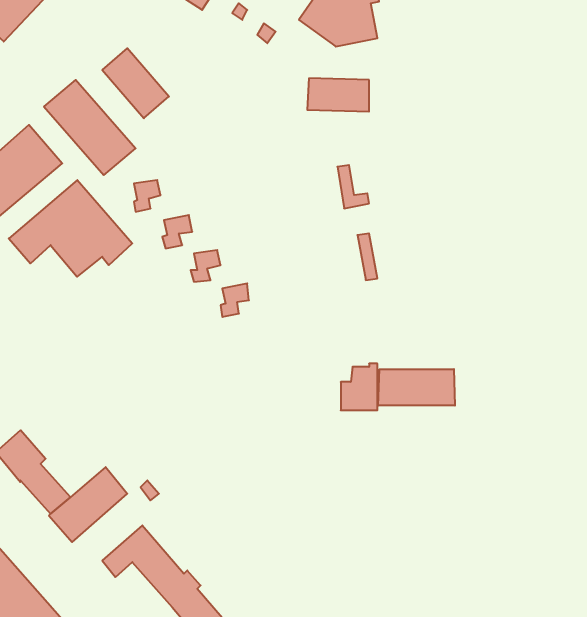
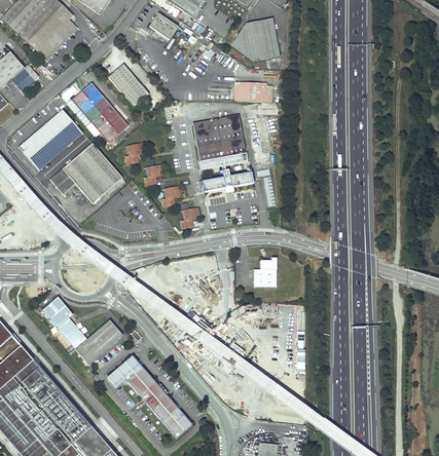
building: none -> [192,115,254,194]
building: [378,369,455,406] -> none

